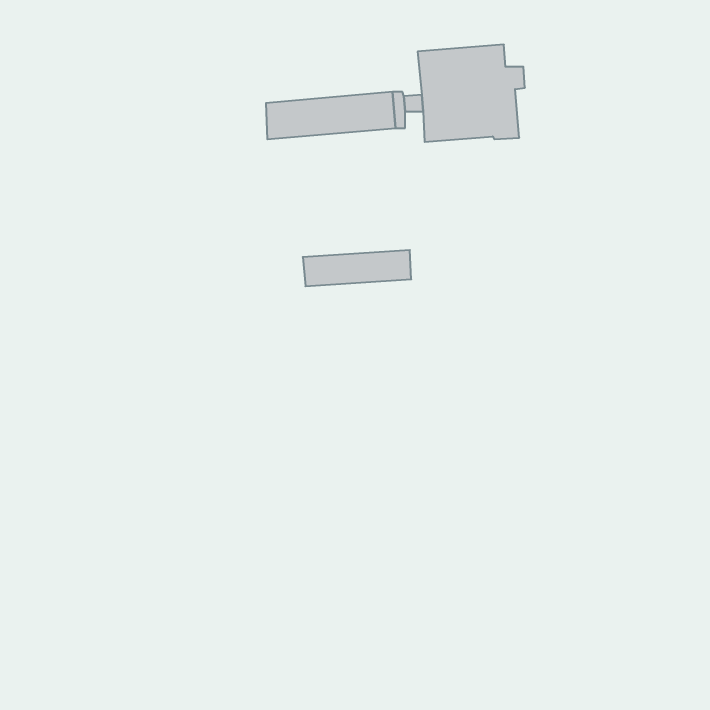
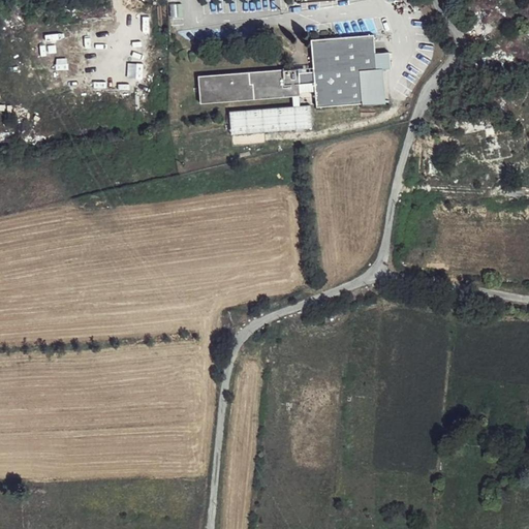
building: [303,250,411,286] -> [228,104,309,131]

